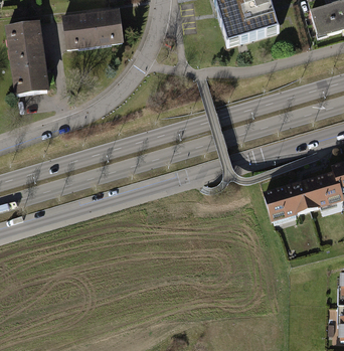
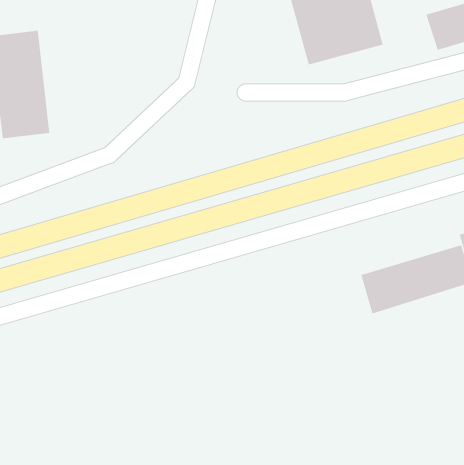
building: [62,11,124,50] -> none

